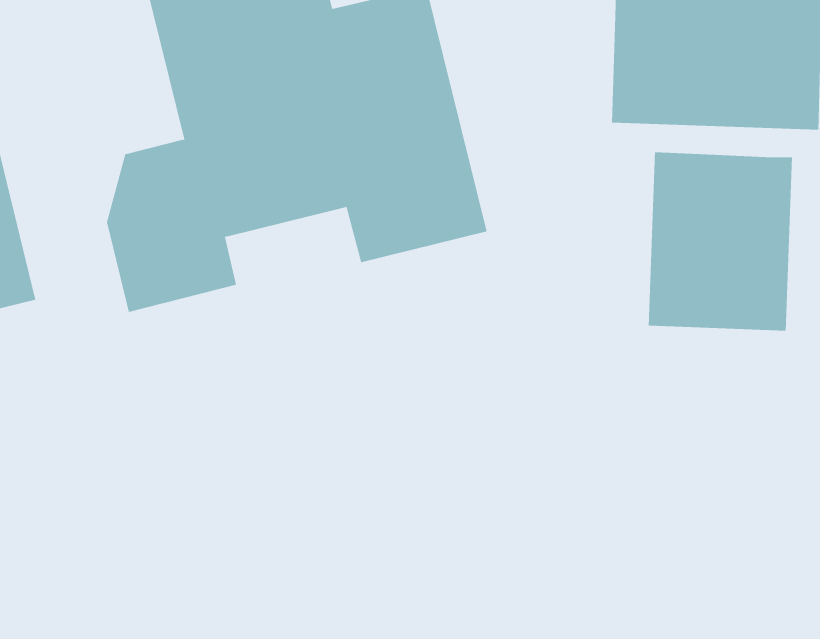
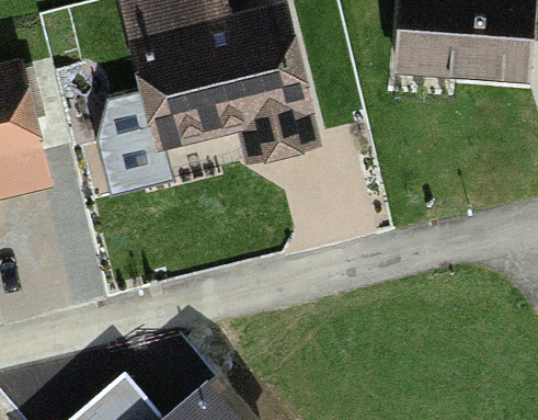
building: [648,151,792,332] -> none

